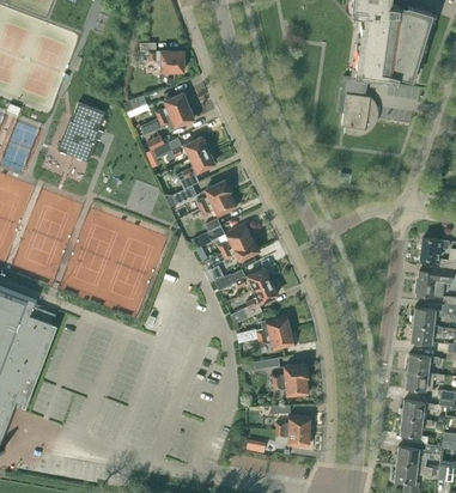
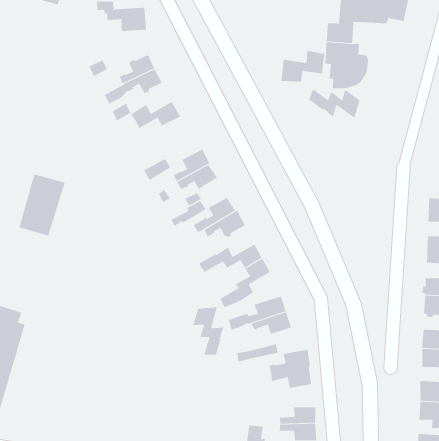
building: none -> [281,50,325,83]
building: [61,103,105,159] -> [19,174,65,236]
building: none -> [309,88,360,119]
building: [177,151,214,188] -> none
building: none -> [193,307,224,356]

